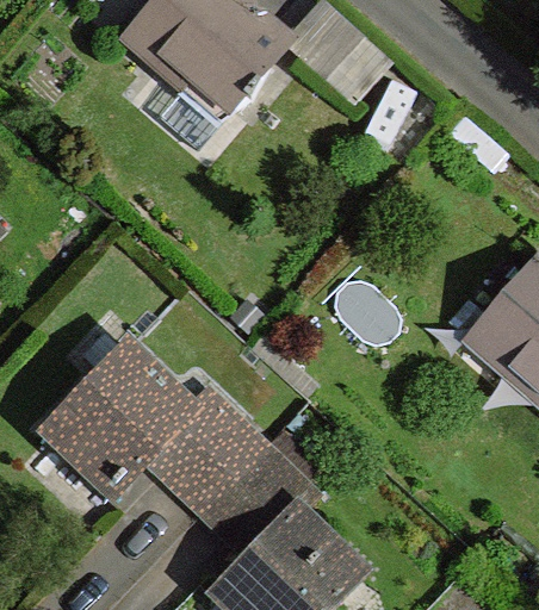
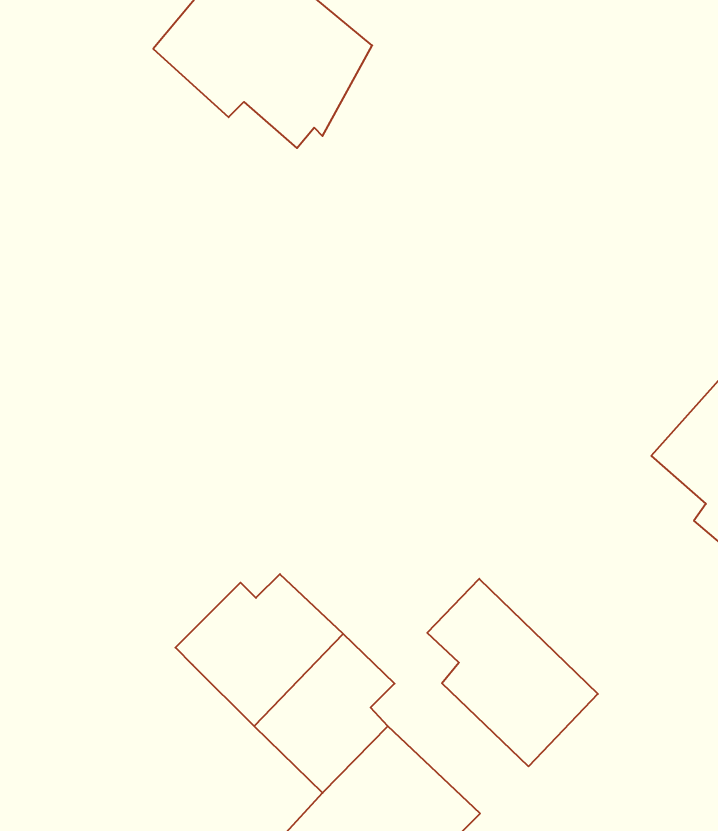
building: [49,347,191,485] -> none
building: none -> [427,579,598,766]

